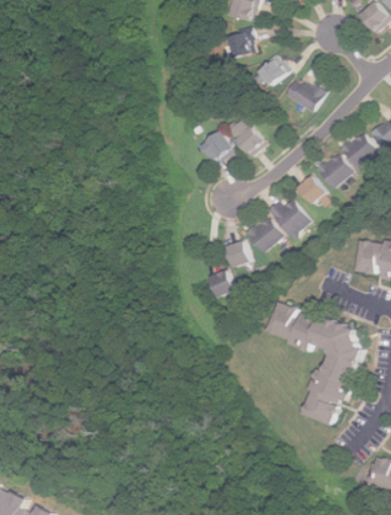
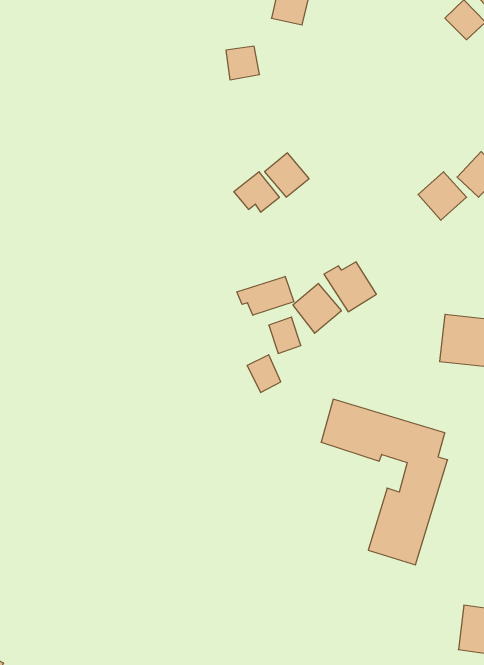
building: [228,33,254,59] -> [226,46,260,80]
building: [253,59,288,86] -> none
building: [284,76,323,113] -> none
building: [315,151,352,188] -> none
building: [298,175,326,203] -> none
building: none -> [237,276,294,315]

